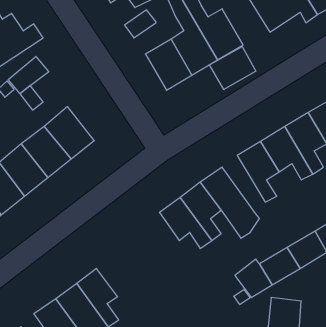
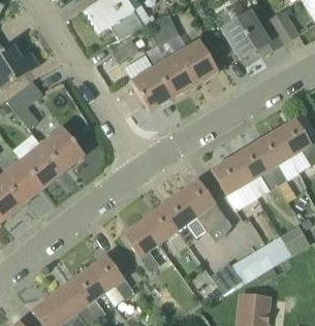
building: [210,47,256,90] -> none
building: none -> [123,219,160,271]
building: none -> [87,254,134,299]

